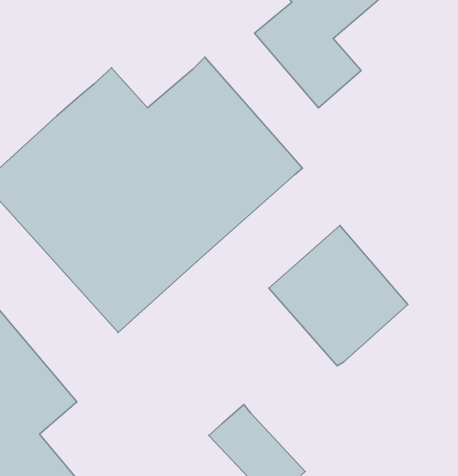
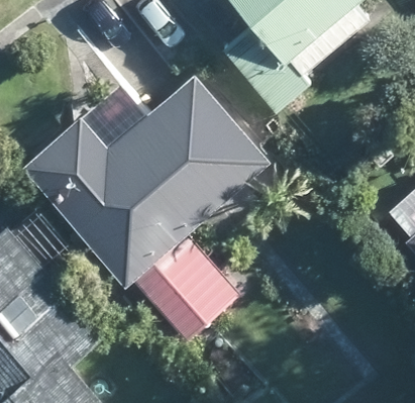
building: [269,225,408,366] -> [134,233,239,339]

